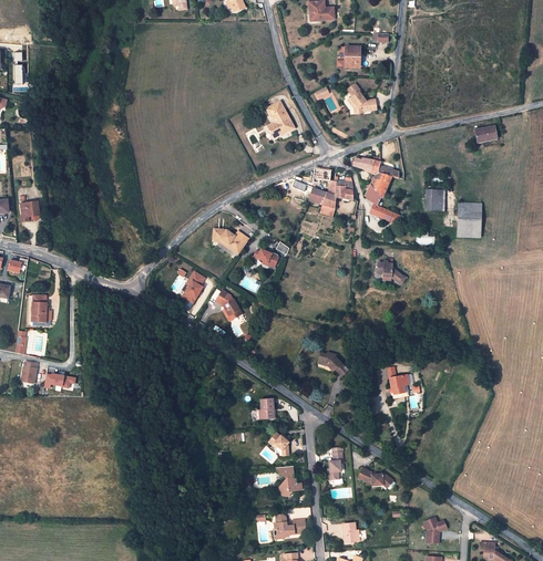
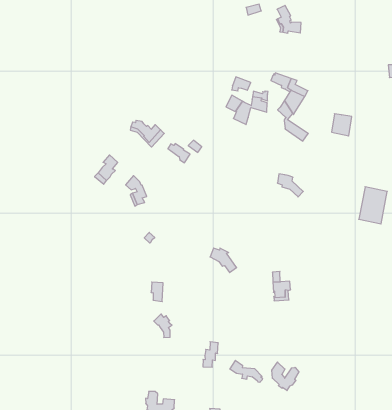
building: [266,101,295,137] -> none
building: [457,201,482,238] -> [359,187,387,224]
building: none -> [272,362,299,391]
building: [275,465,303,496] -> none

